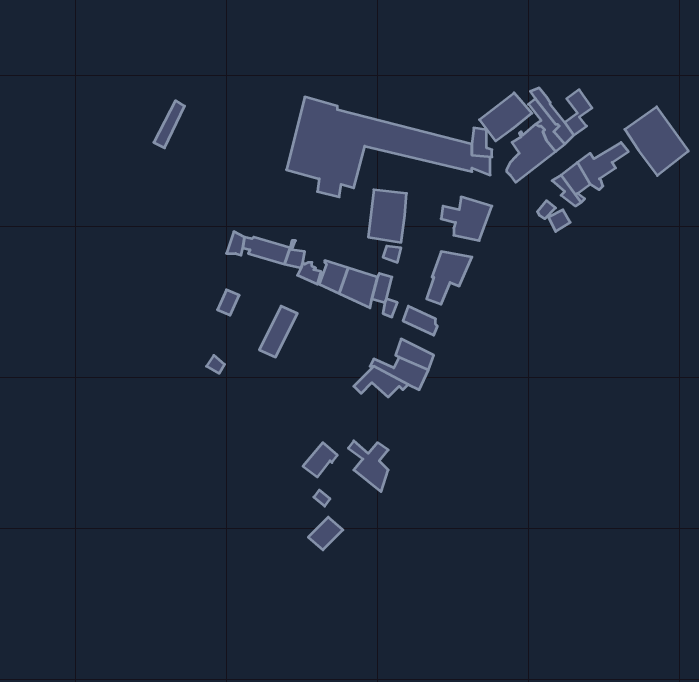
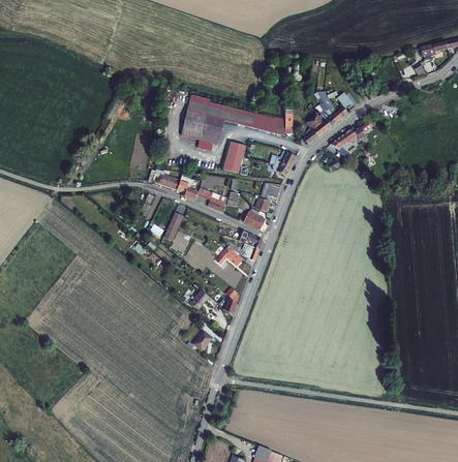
building: [479,93,532,141] -> none
building: [625,107,688,176] -> none

